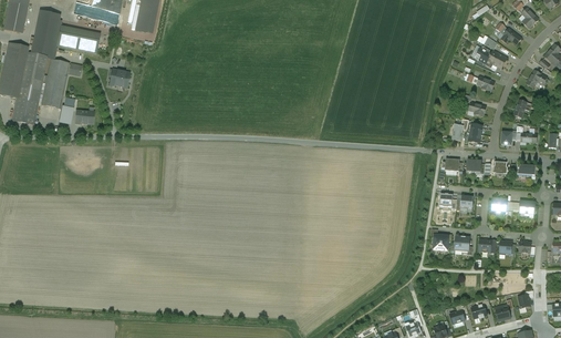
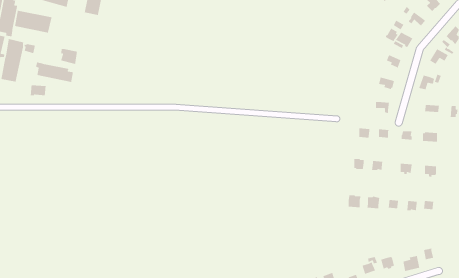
building: none -> [35,61,74,83]

